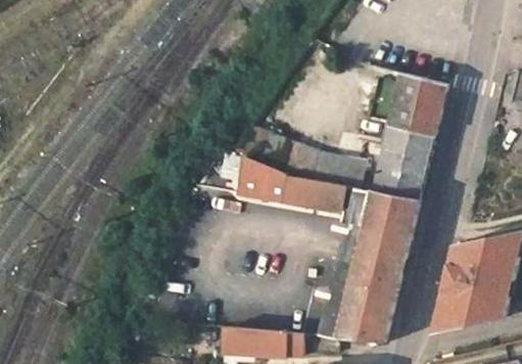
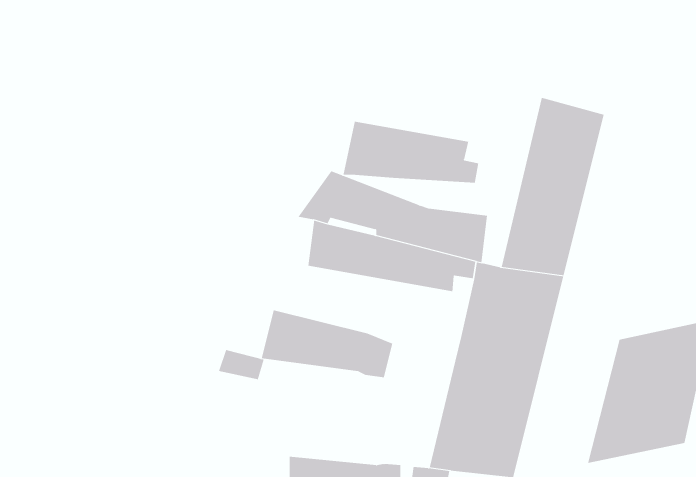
building: none -> [343,121,479,184]
building: none -> [261,309,393,378]

